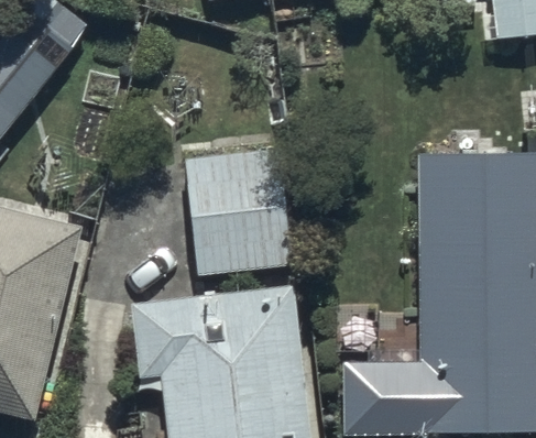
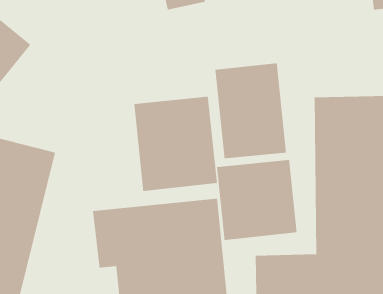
building: none -> [215,62,287,159]
building: none -> [216,159,297,241]

